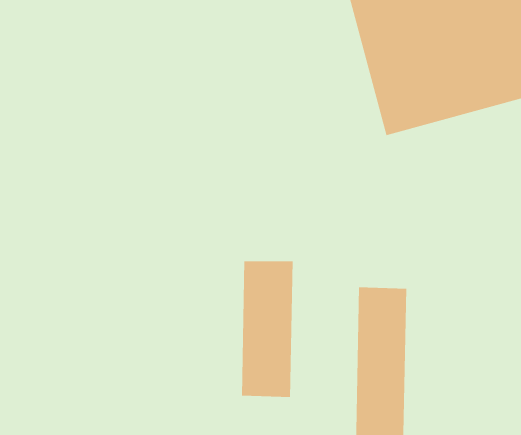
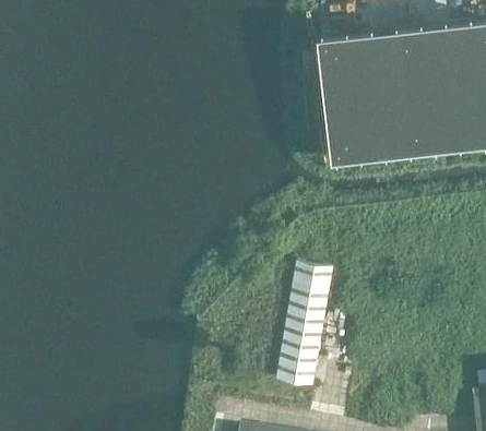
building: [242,261,293,398] -> none

